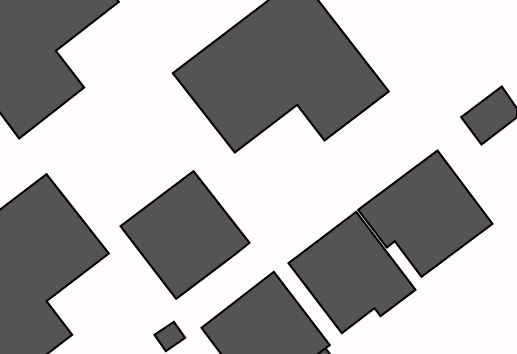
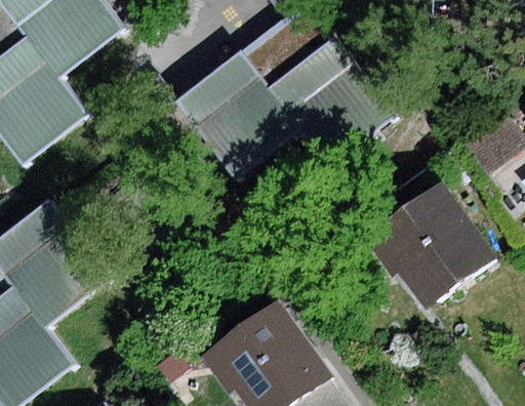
building: [121,171,249,299] -> none
building: [288,212,416,333] -> none

